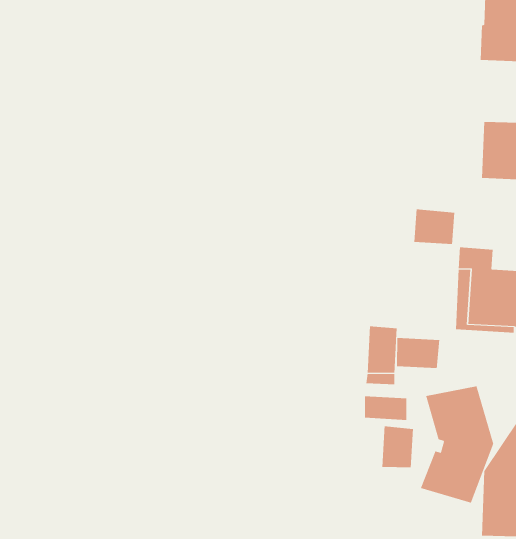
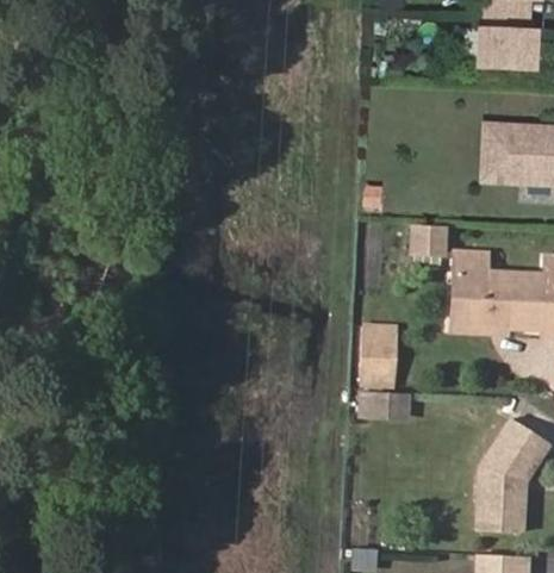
building: [396,337,440,369] -> none
building: [420,385,494,504] -> none
building: [382,425,413,468] -> none

